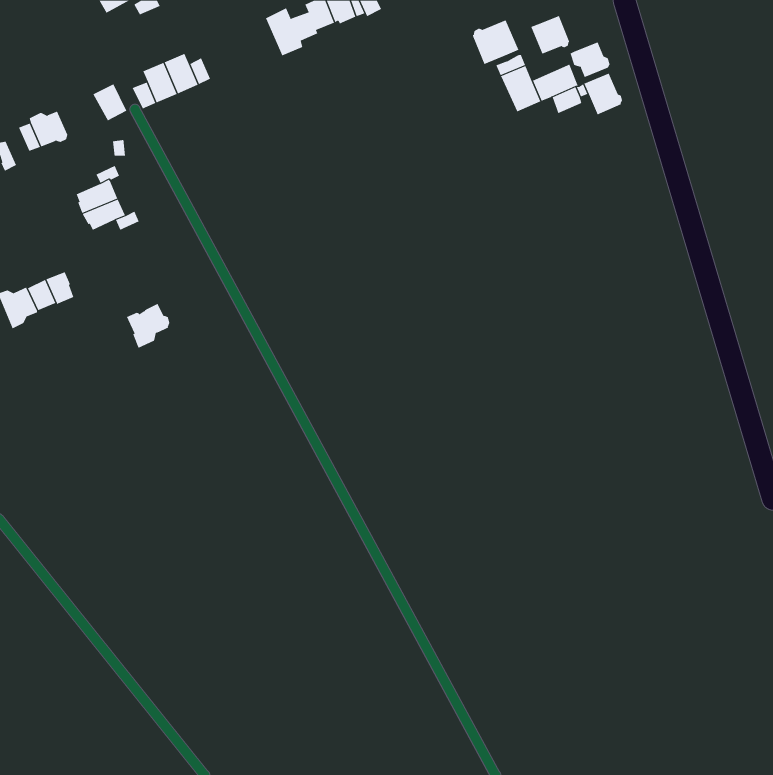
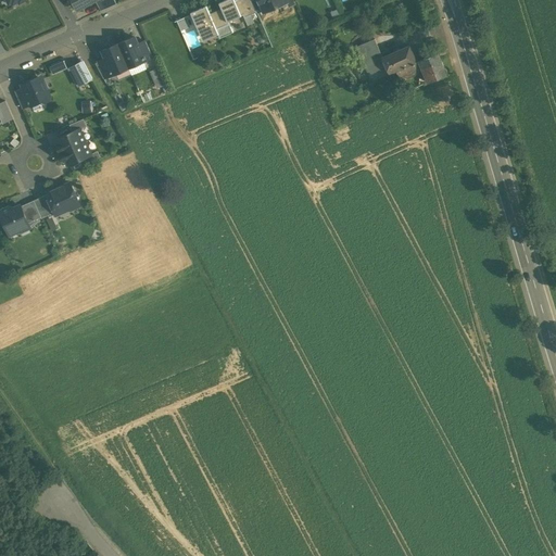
building: [531,15,570,54] -> none
building: [472,20,519,65] -> none
building: [570,42,610,78] -> none
building: [126,303,170,349] -> [46,182,77,215]

